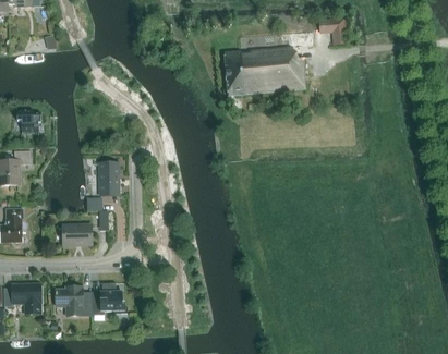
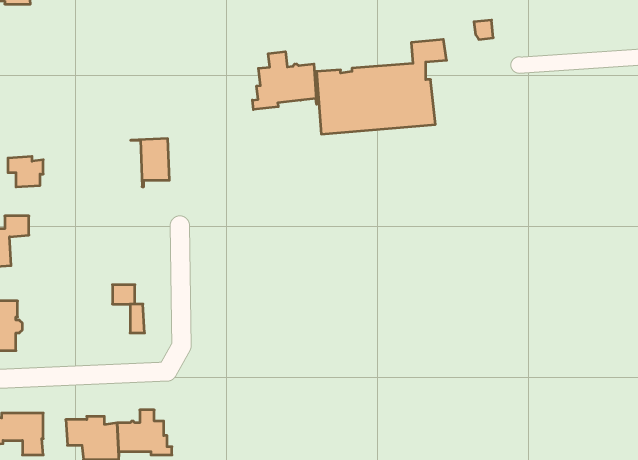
building: none -> [252,52,317,110]
building: [93,162,119,195] -> [131,139,169,187]
building: [62,224,92,245] -> none

